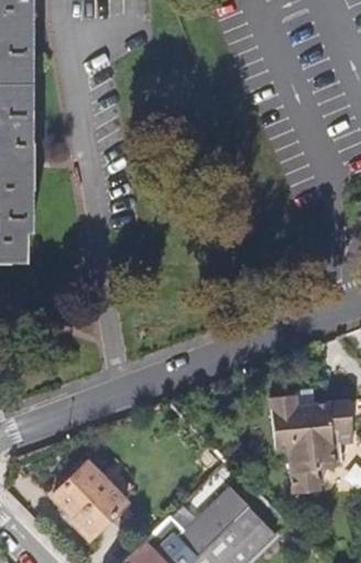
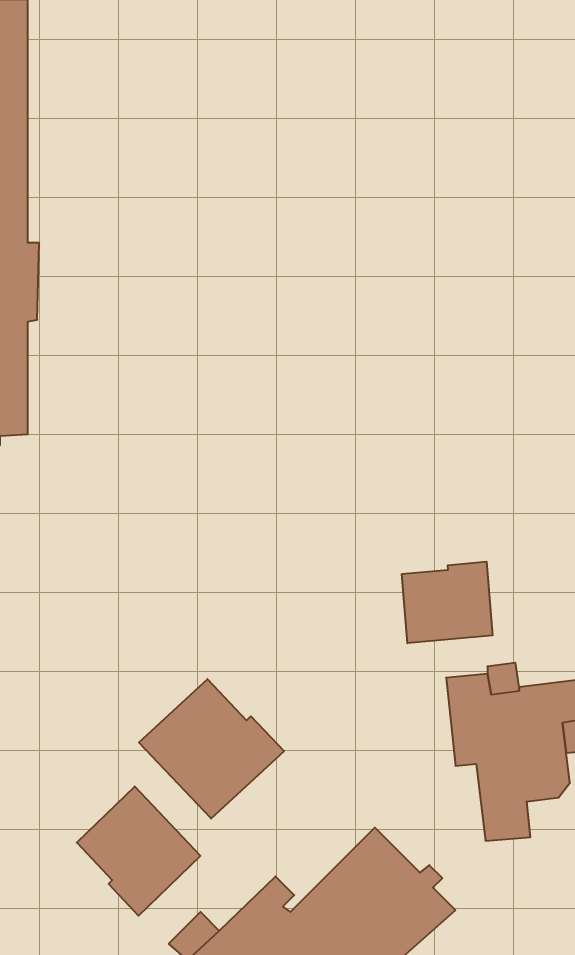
building: none -> [402,562,492,643]
building: none -> [139,679,284,819]

